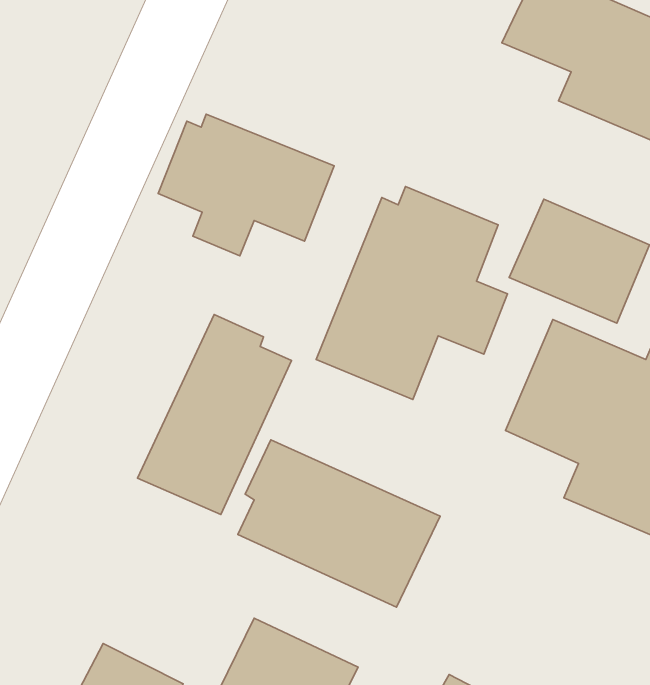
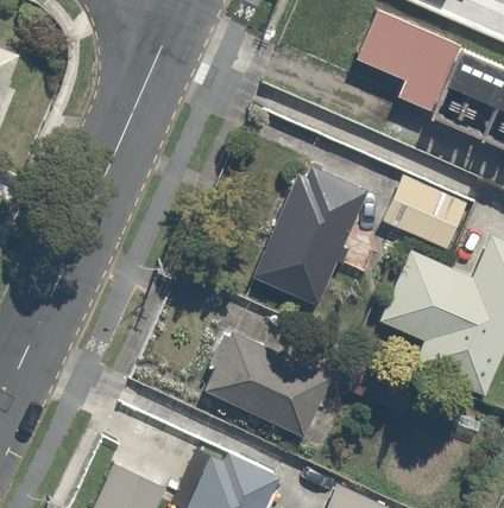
building: [158,114,334,256] -> none
building: [138,314,292,515] -> none

